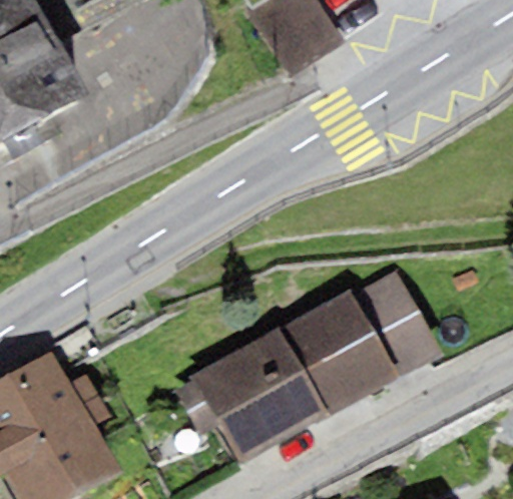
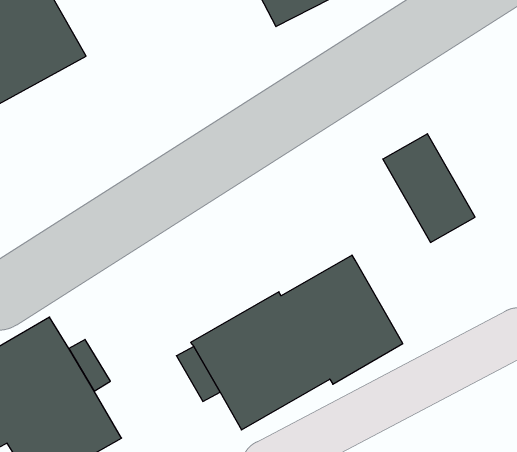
building: [351,270,442,377] -> [383,134,475,242]

